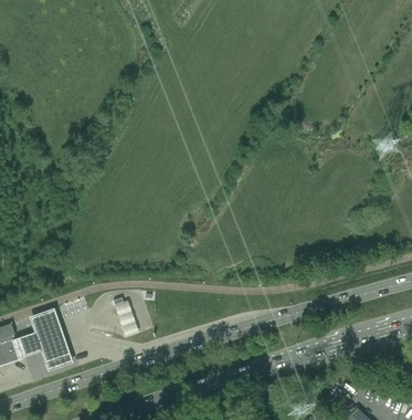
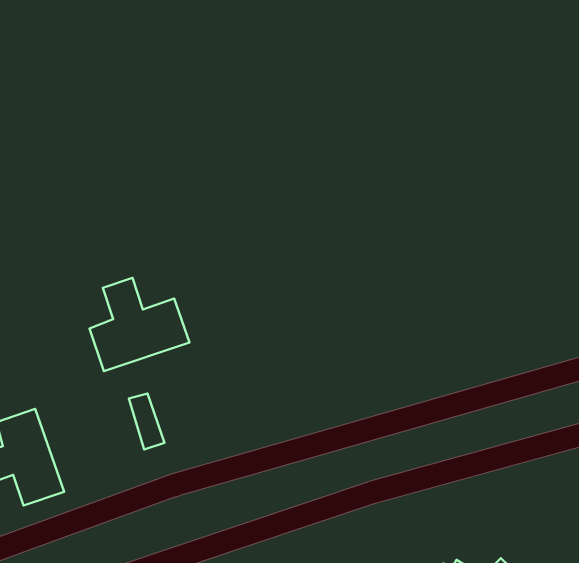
building: none -> [90,278,189,371]

